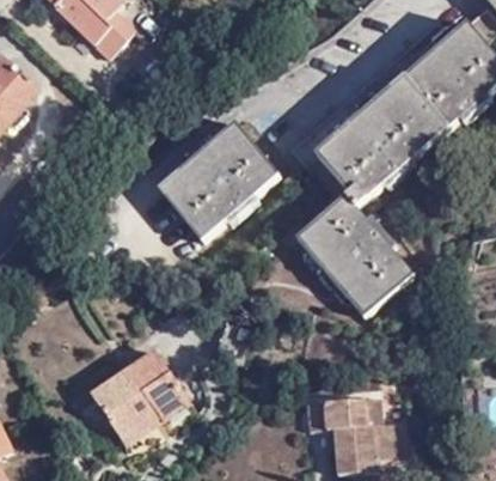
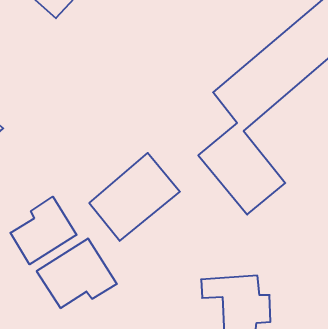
building: [161,121,278,235] -> [89,153,180,241]
building: none -> [10,197,77,264]

